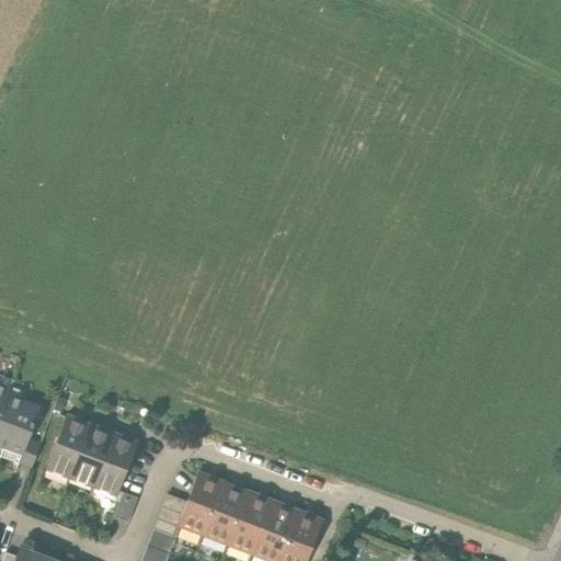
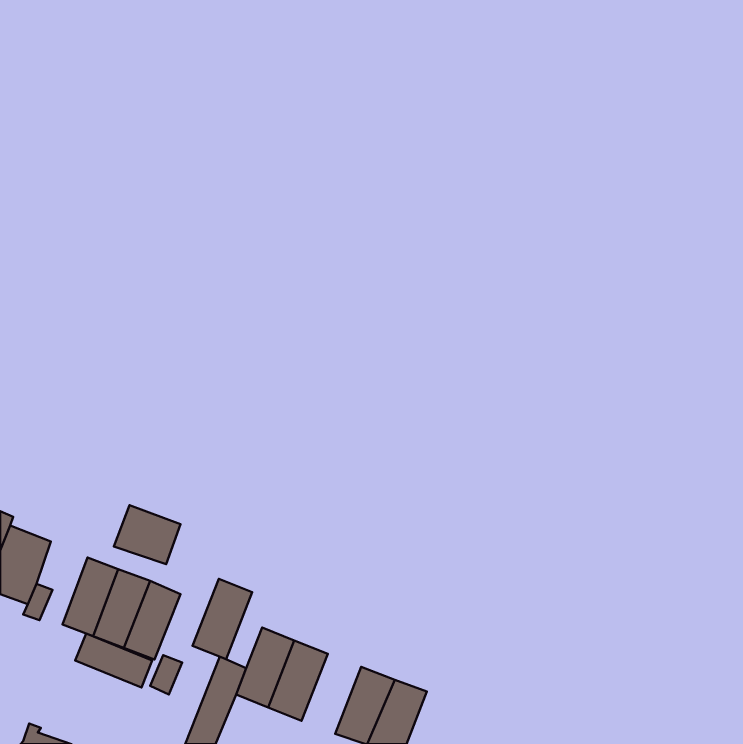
building: none -> [114,505,181,564]
building: none -> [75,634,152,688]
building: [228,492,273,552] -> [193,579,252,659]

